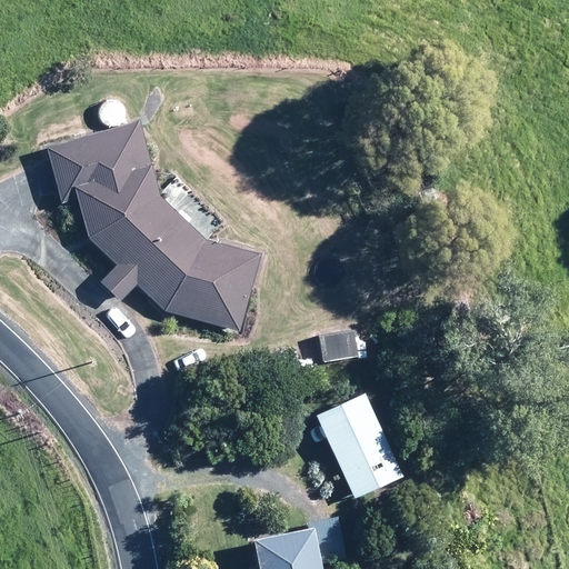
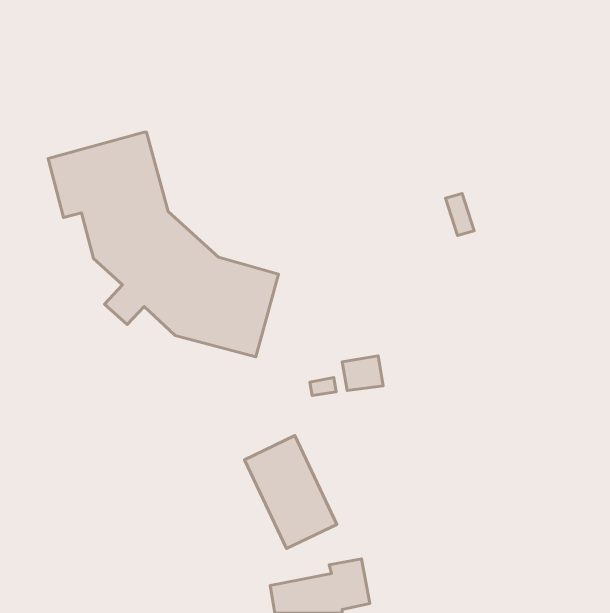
building: [316,396,401,500] -> [244,436,337,549]

